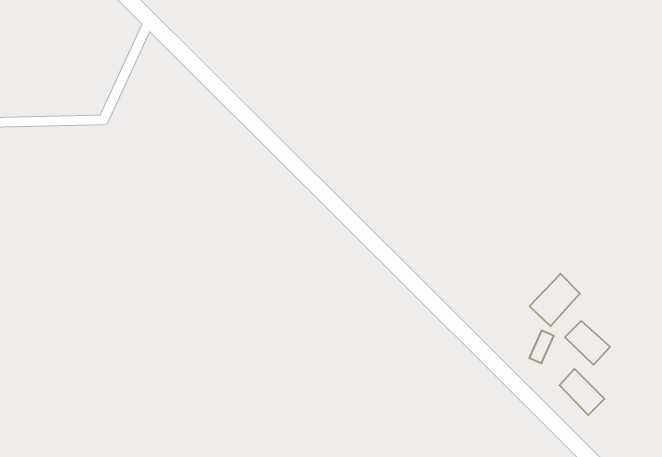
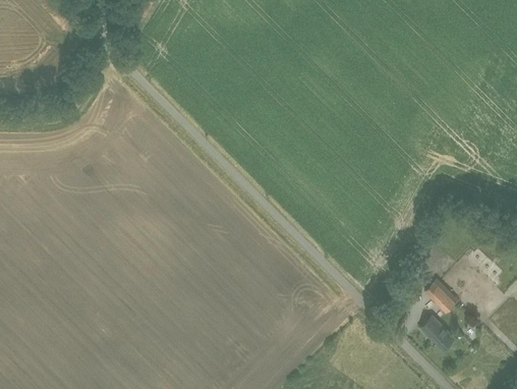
building: [530,274,580,326] -> none

